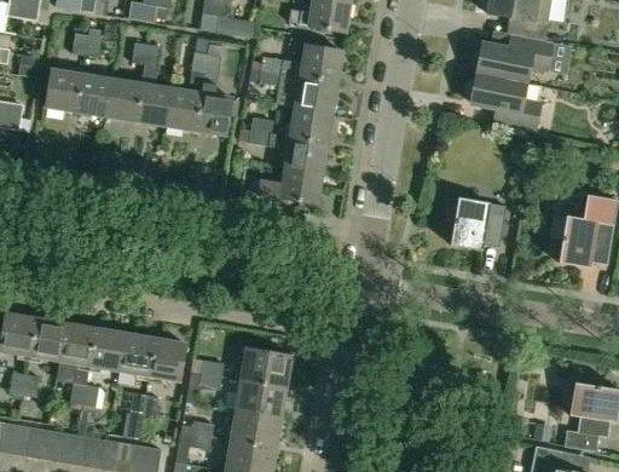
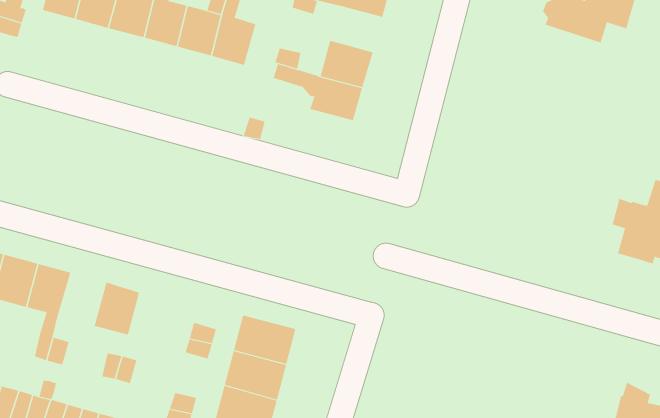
building: [468,73,539,131] -> none
building: [294,75,337,111] -> none
building: [260,166,322,203] -> none
building: [445,196,504,249] -> none
building: [87,327,125,370] -> none
building: [149,338,185,380] -> none

